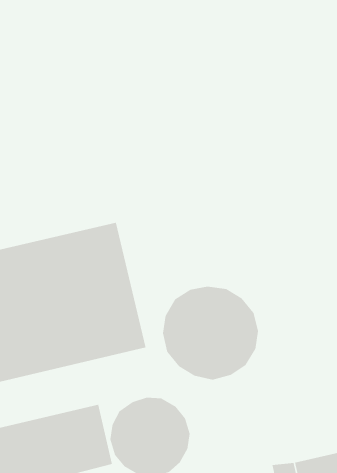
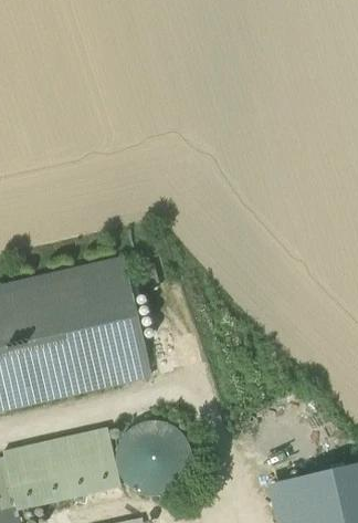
building: [162,286,259,381] -> none

